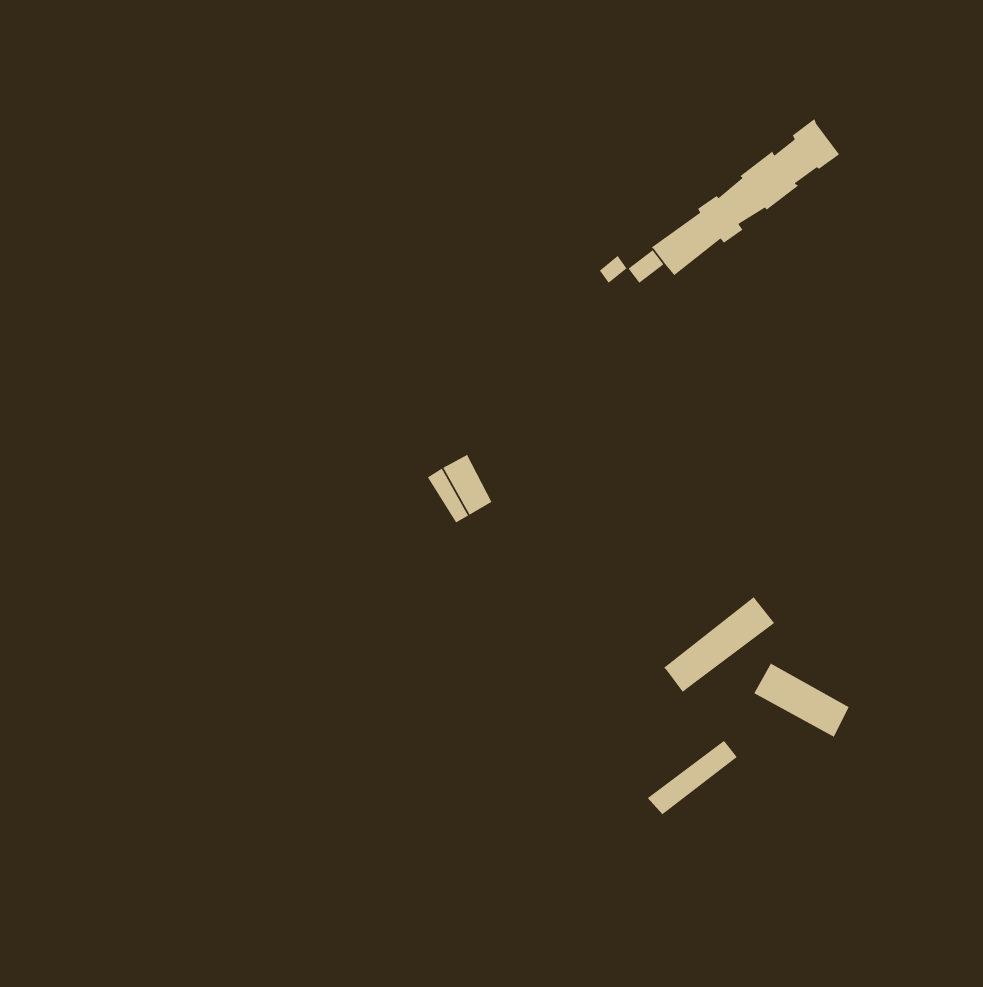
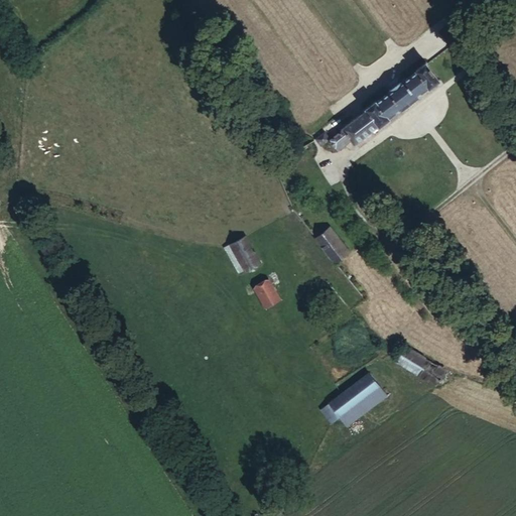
building: none -> [314,227,349,262]
building: none -> [255,280,281,309]
building: [663,596,775,693] -> [321,372,380,422]

